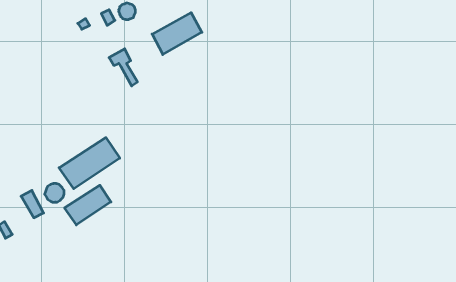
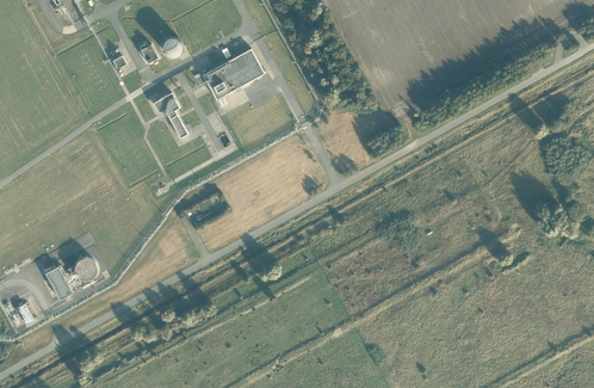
building: [59,138,120,189] -> none
building: [65,185,111,225] -> none

